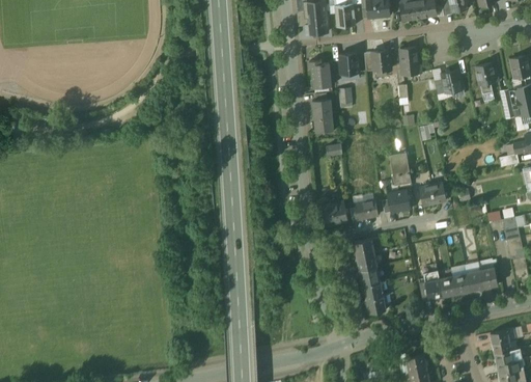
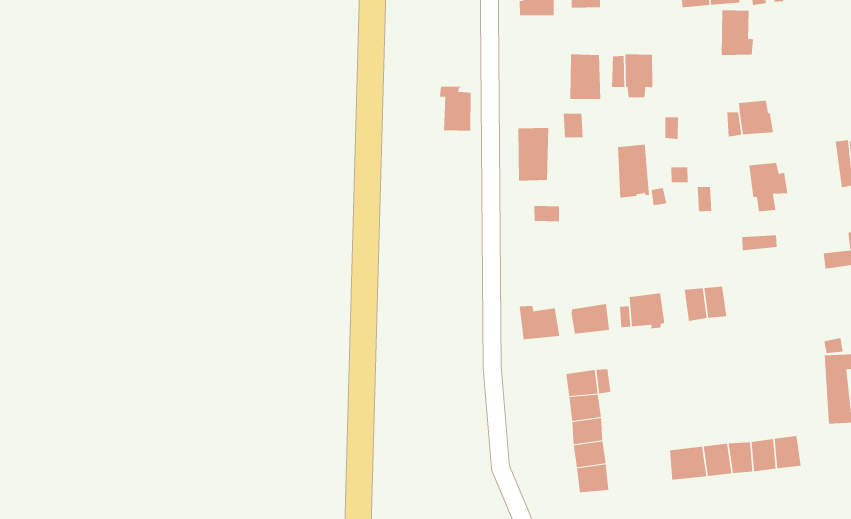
building: [400,48,421,76] -> [721,10,754,55]
building: [309,60,330,87] -> [439,86,471,131]
building: [474,63,499,93] -> [748,163,788,212]
building: [389,153,411,186] -> [617,144,650,198]

